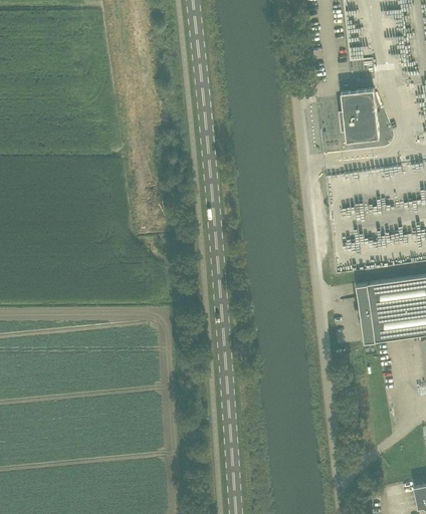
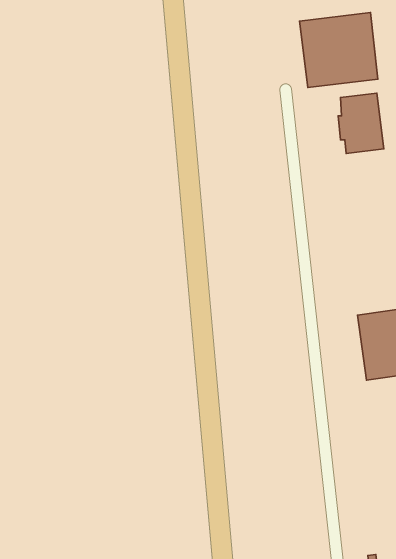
building: none -> [300,12,378,88]

